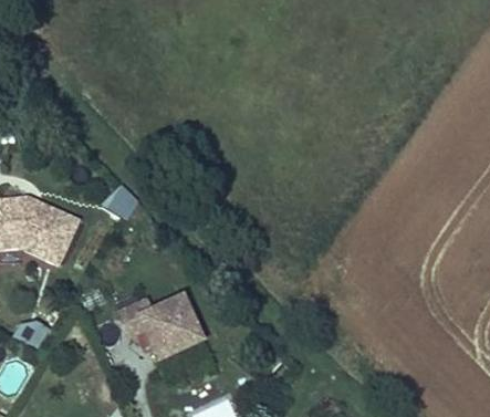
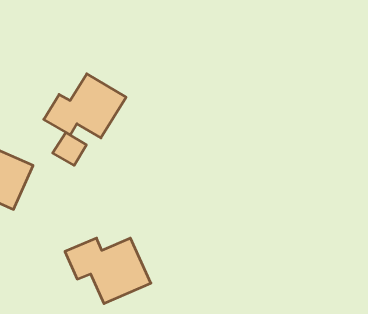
building: none -> [44,74,126,138]

